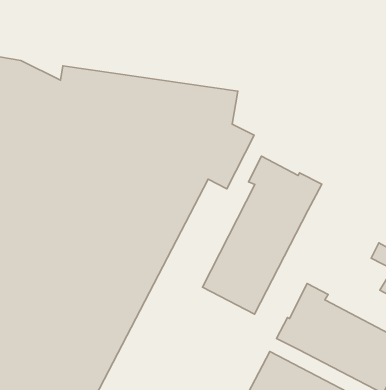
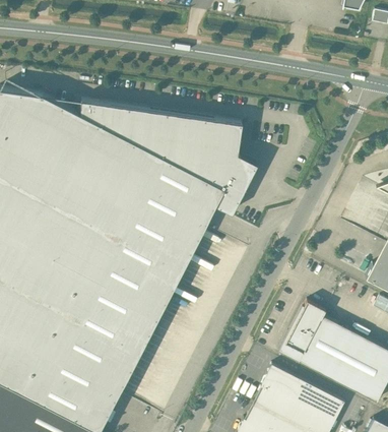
building: [203,156,322,314] -> none

